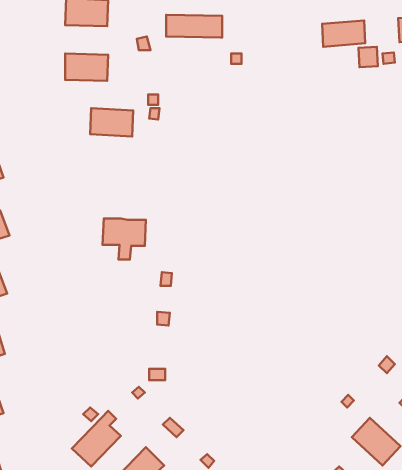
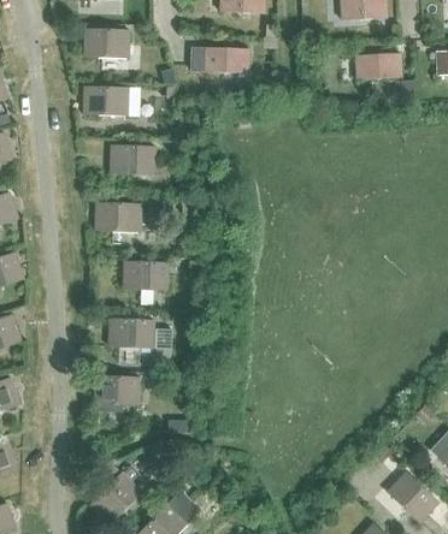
building: none -> [95,202,141,231]
building: none -> [108,319,154,348]
building: none -> [94,375,140,411]

